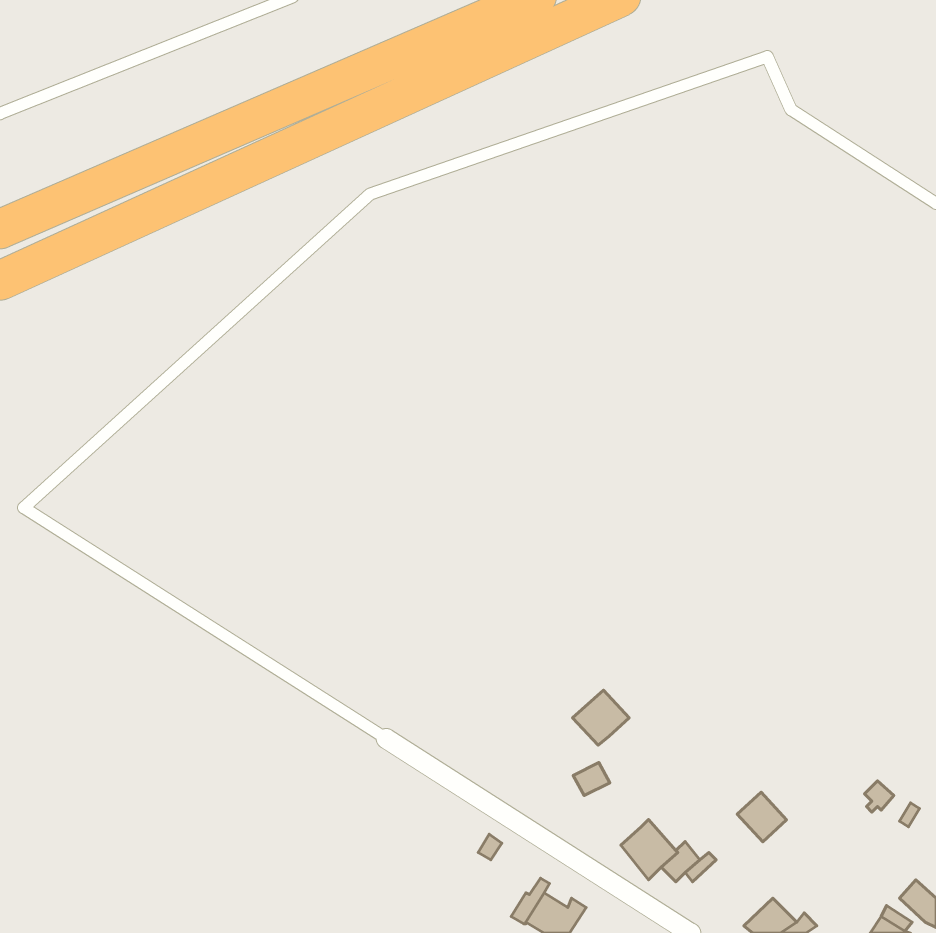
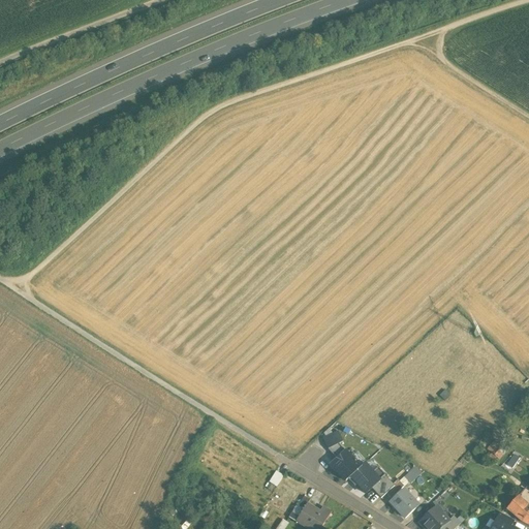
building: [572,690,629,745] -> [330,450,362,481]
building: [737,792,787,842] -> [391,489,418,517]

